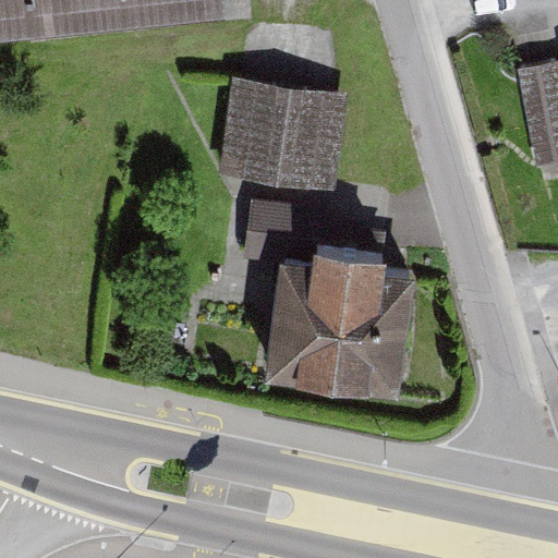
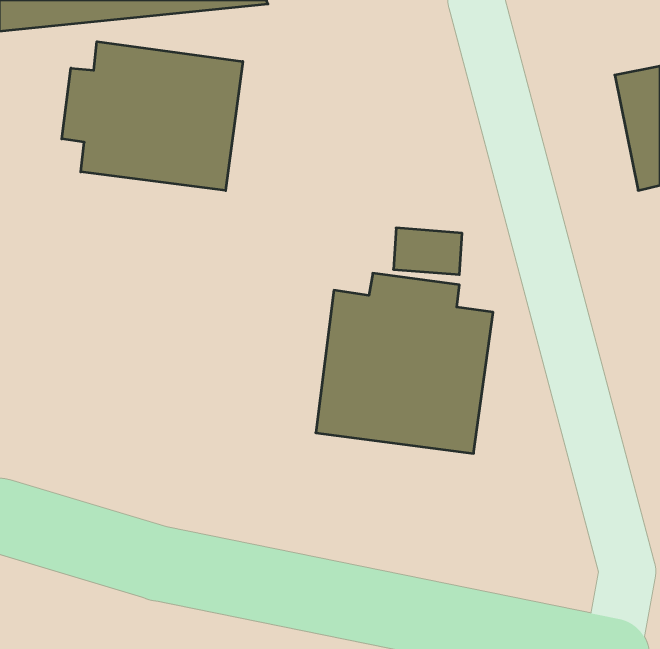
building: none -> [62,42,243,191]
building: [220,82,348,194] -> none

